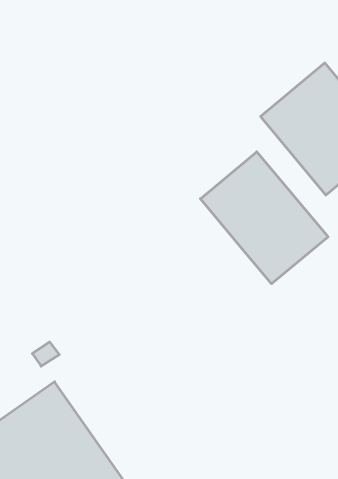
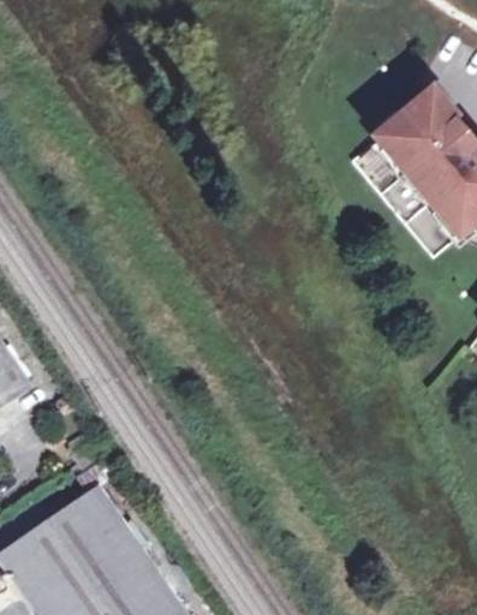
building: [200,152,328,284] -> none

